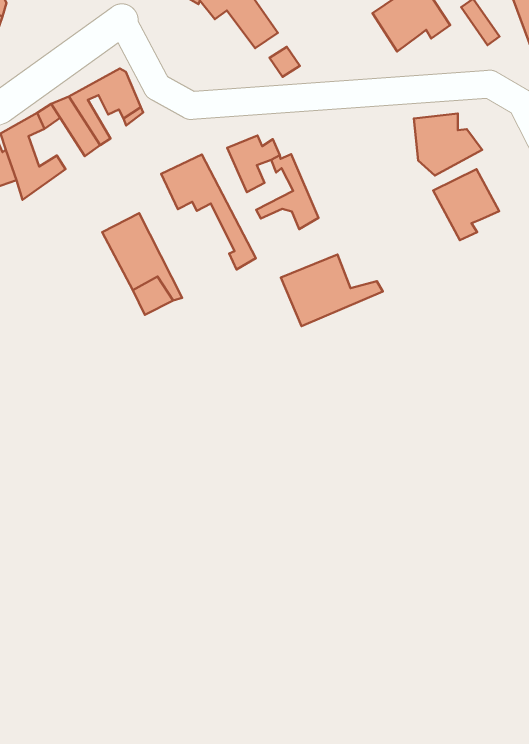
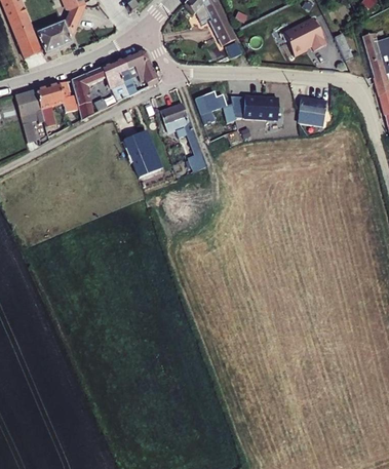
building: none -> [245,99,279,120]
building: [433,169,499,240] -> none
building: [281,255,383,326] -> none

